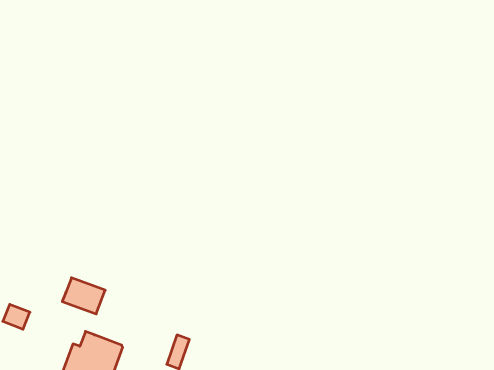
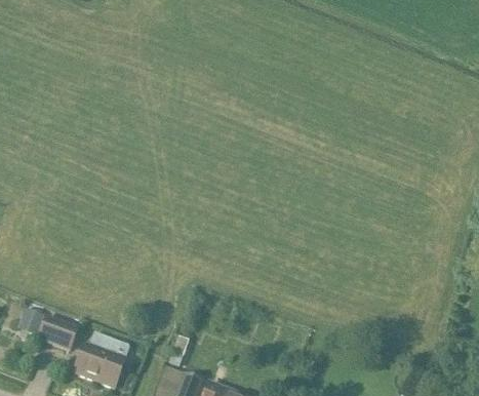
building: [62,278,105,314] -> [37,314,76,347]

